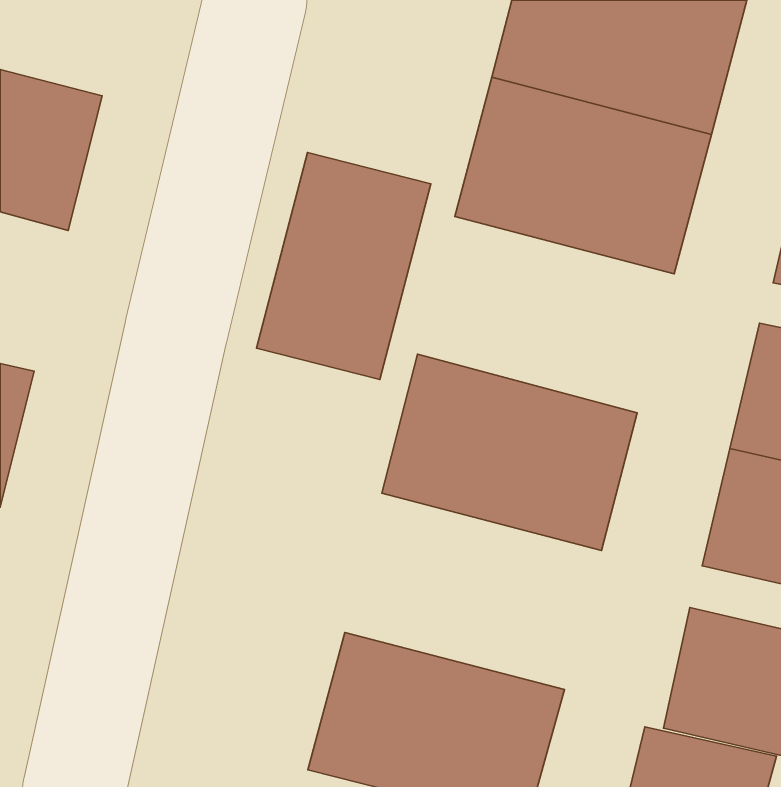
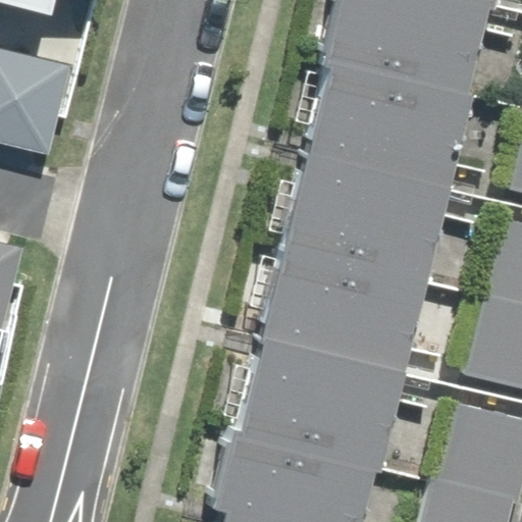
building: [257,153,431,379] -> none
building: none -> [281,145,451,274]
building: none -> [233,327,403,457]

